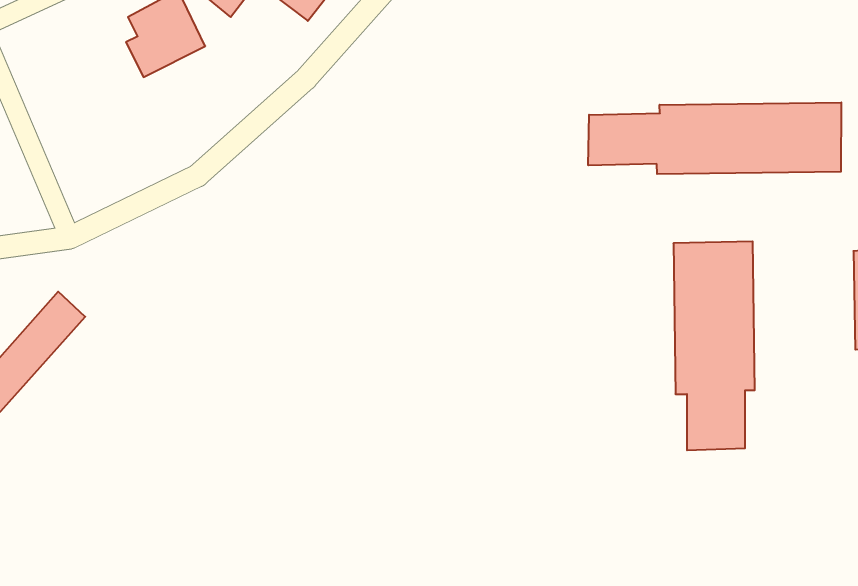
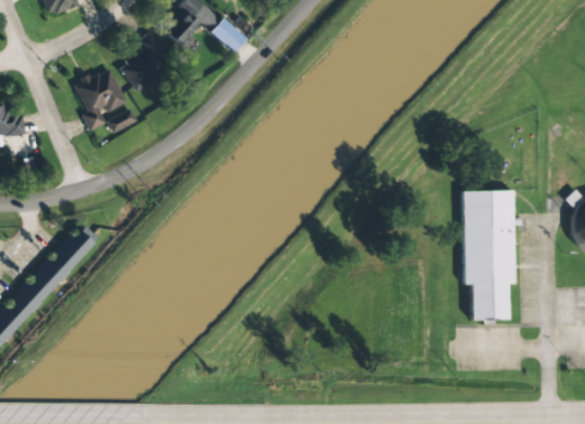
building: none -> [73,68,136,132]
building: [588,102,841,174] -> none

